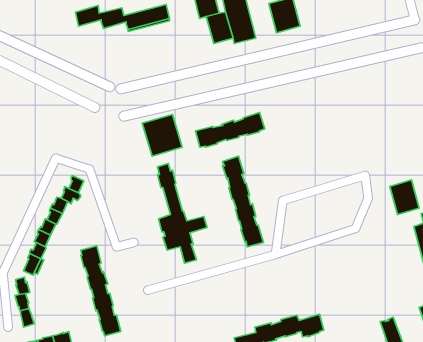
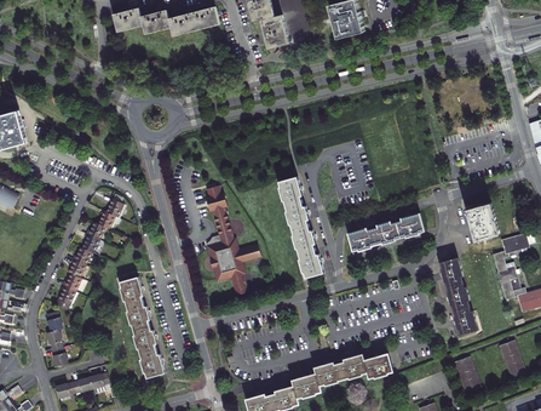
building: [196,112,265,147] -> [347,212,425,251]
building: [142,115,182,156] -> none
building: none -> [439,257,478,335]

